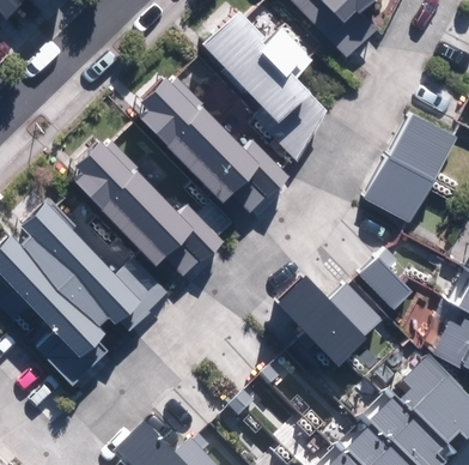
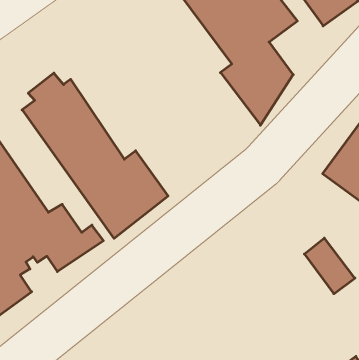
building: [138,74,292,215] -> none
building: [274,268,382,361] -> none

